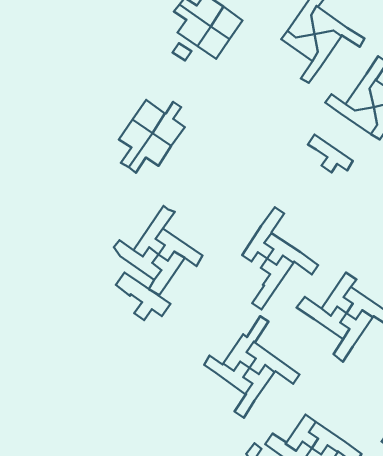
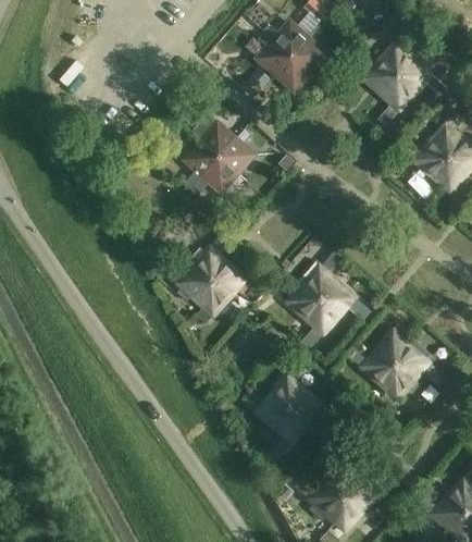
building: [308,135,353,172] -> none
building: none -> [285,292,320,325]
building: [116,272,171,320] -> none

